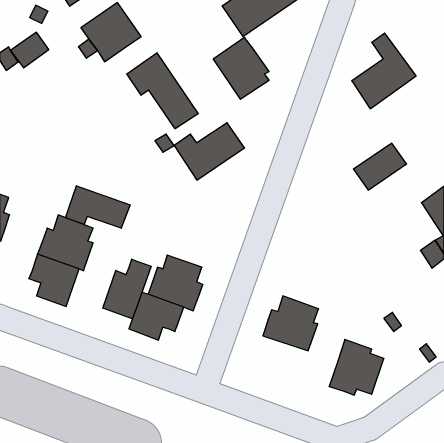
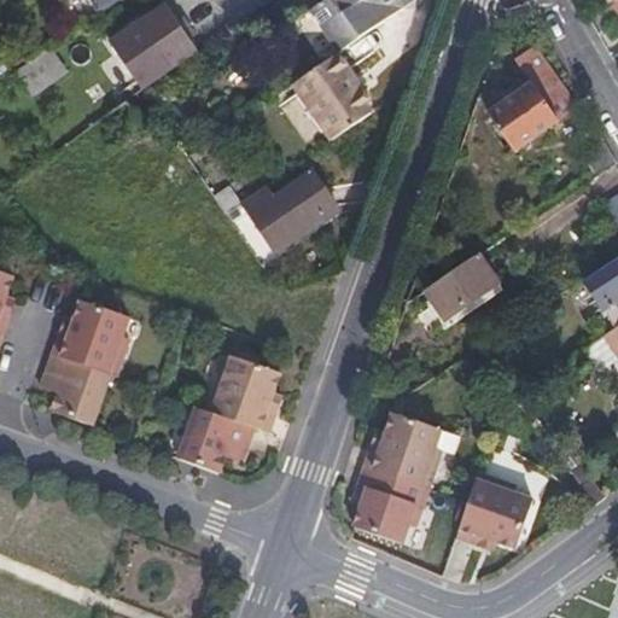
building: [127,53,198,129] -> none
building: [353,143,407,190] -> [425,253,499,319]
building: [66,186,130,228] -> none
building: [103,259,151,319] -> none
building: none -> [352,466,427,542]

